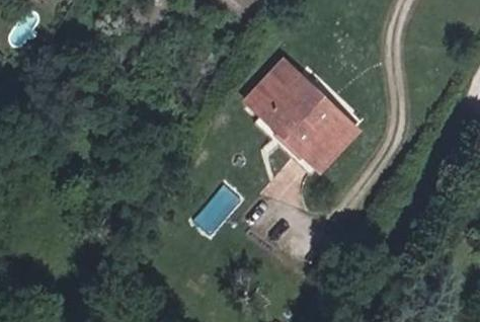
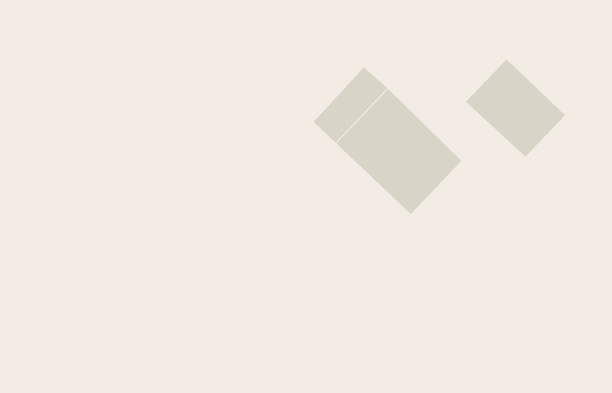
building: none -> [465,58,566,158]

